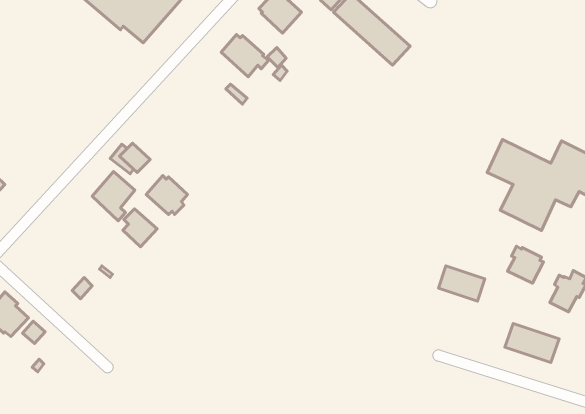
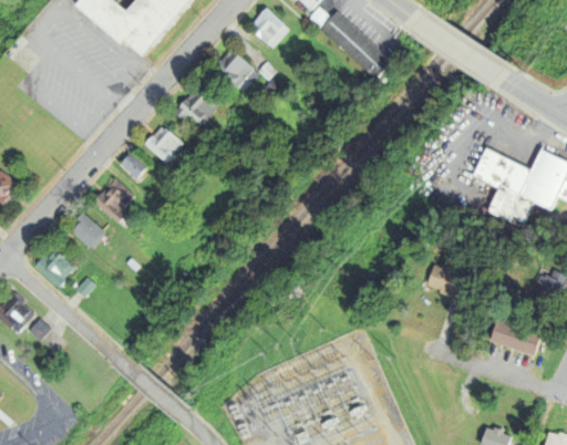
building: none -> [176,89,219,124]
building: [146,176,188,215] -> [147,125,186,162]
building: [123,209,157,247] -> [74,211,106,247]
building: none -> [34,247,74,287]
building: [507,246,544,283] -> none

